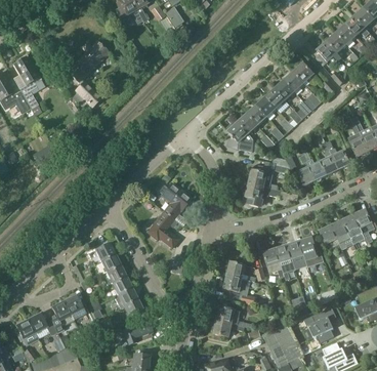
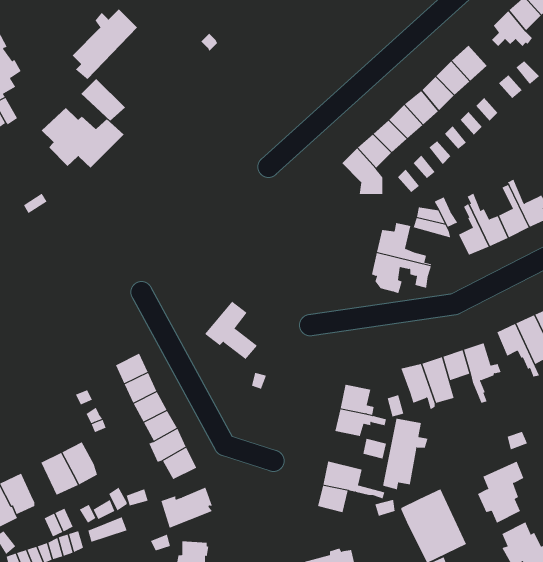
building: none -> [41,107,124,169]
building: [160,182,191,219] -> none
building: none -> [383,418,428,490]

